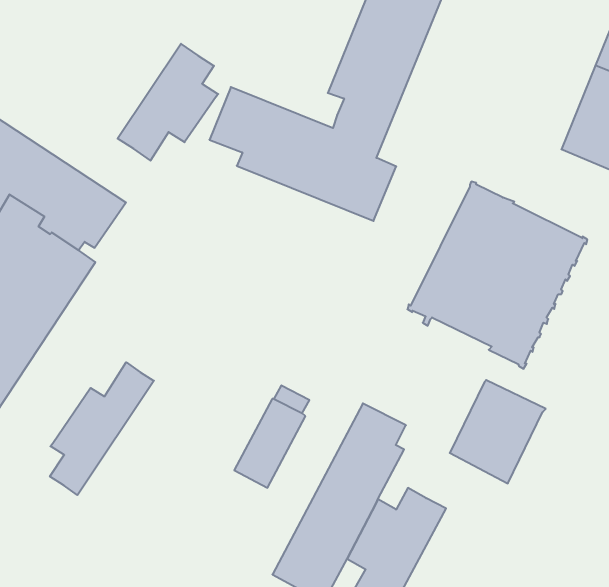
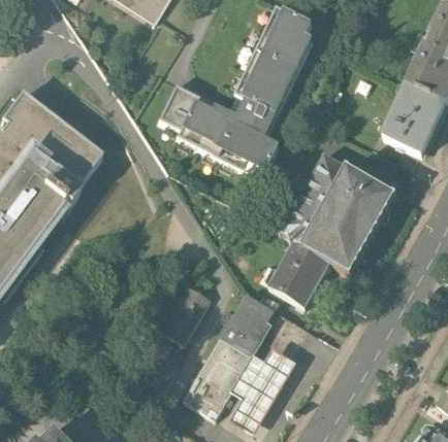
building: [118,44,218,161] -> none
building: [50,362,154,495] -> none
building: [450,380,546,483] -> [268,239,331,306]

